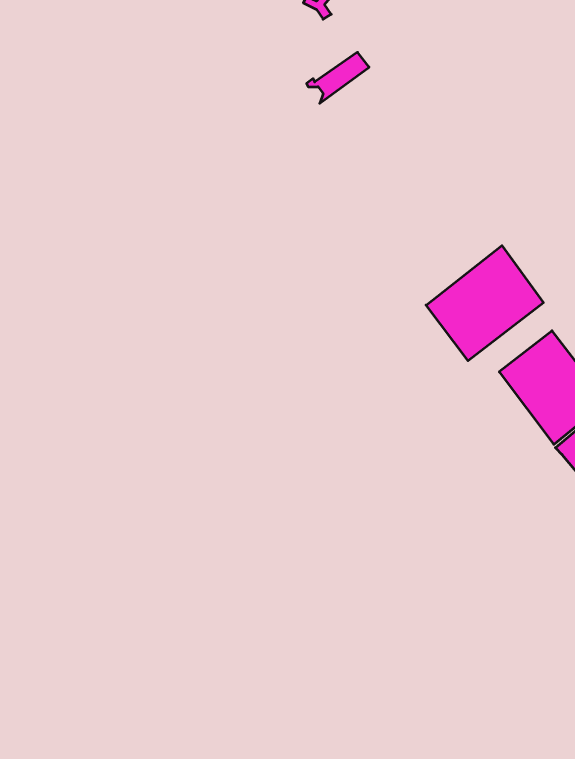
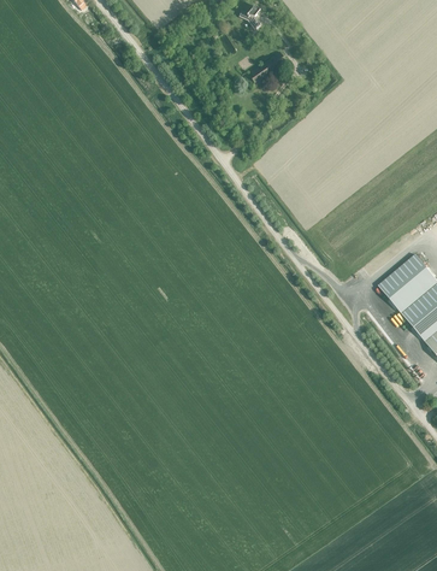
building: [426,246,543,361] -> none

